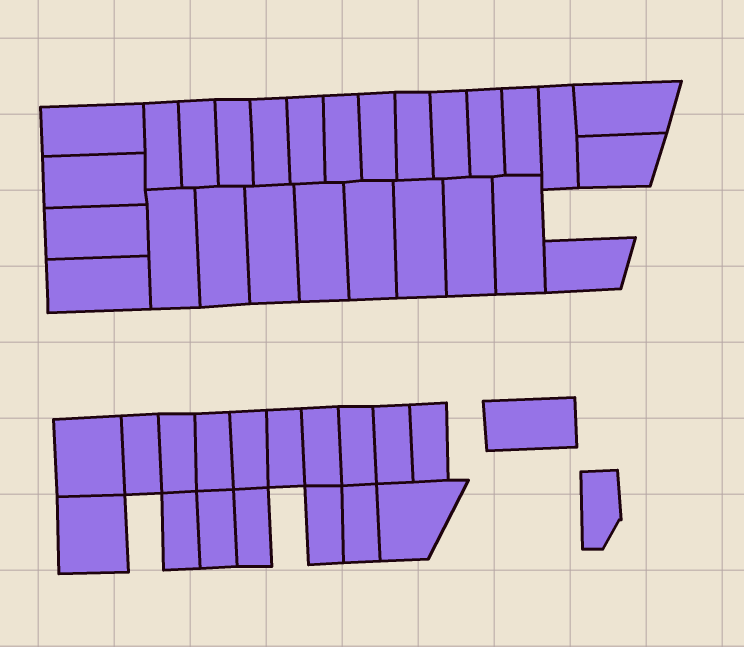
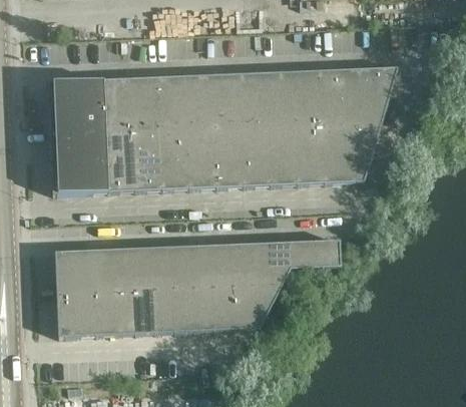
building: none -> [322,124,381,154]
building: [581,470,621,549] -> [270,242,292,285]
building: none -> [172,288,194,332]
building: none -> [94,292,115,335]

